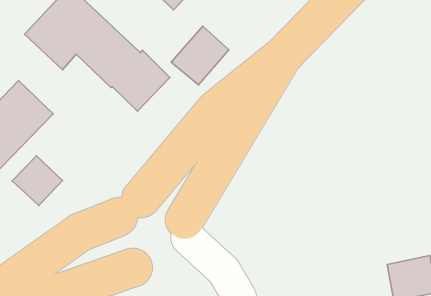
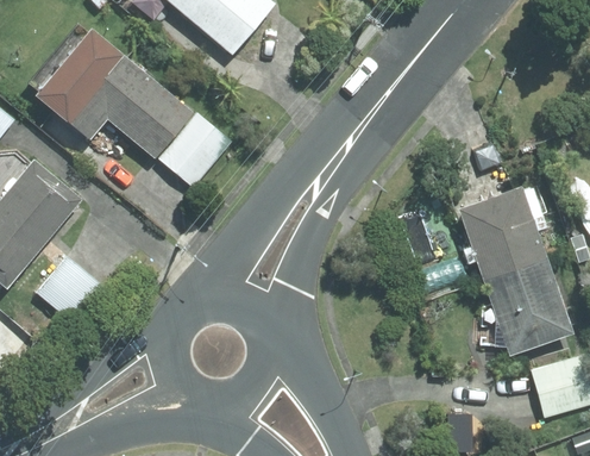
building: [171,26,229,85] -> none
building: none -> [458,182,575,352]

